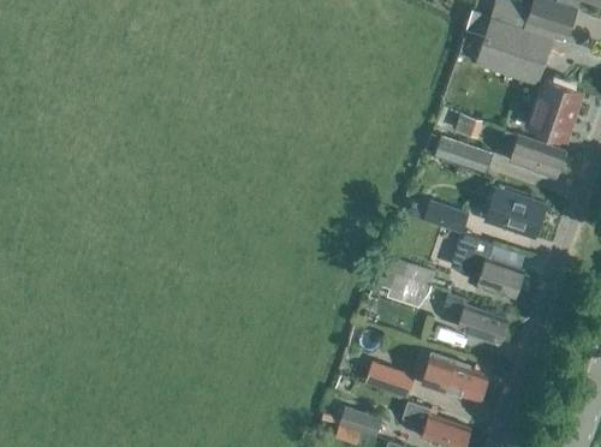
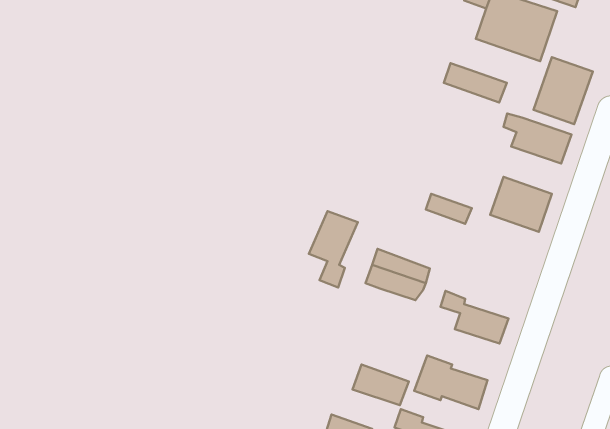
building: [434,136,492,172] -> [444,63,507,103]
building: none -> [309,211,358,288]
building: [454,234,523,296] -> none

